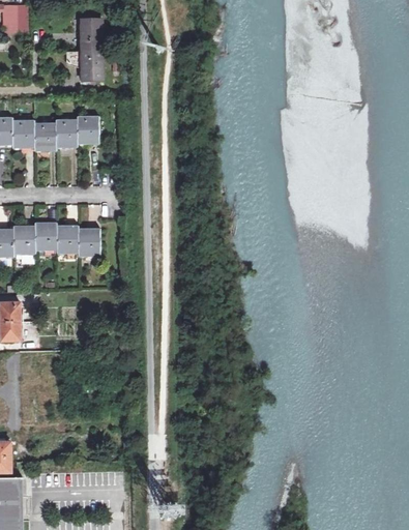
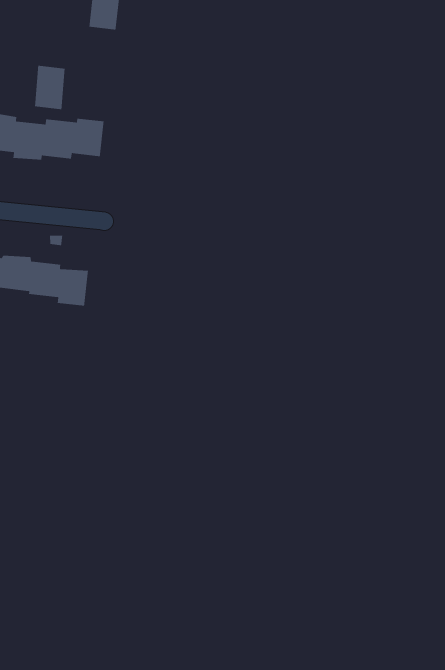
building: [78,50,99,81] -> [34,65,65,110]

